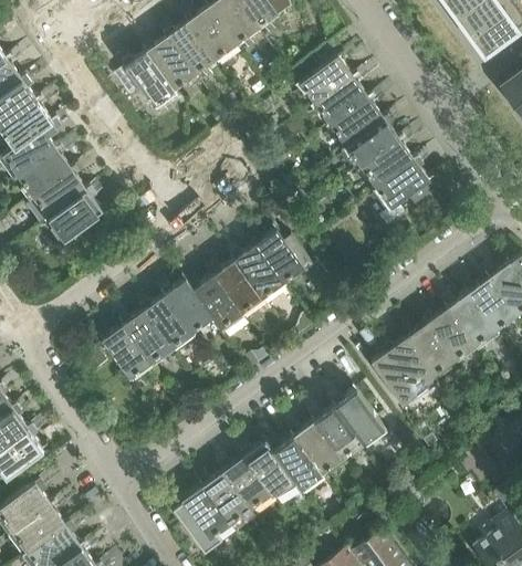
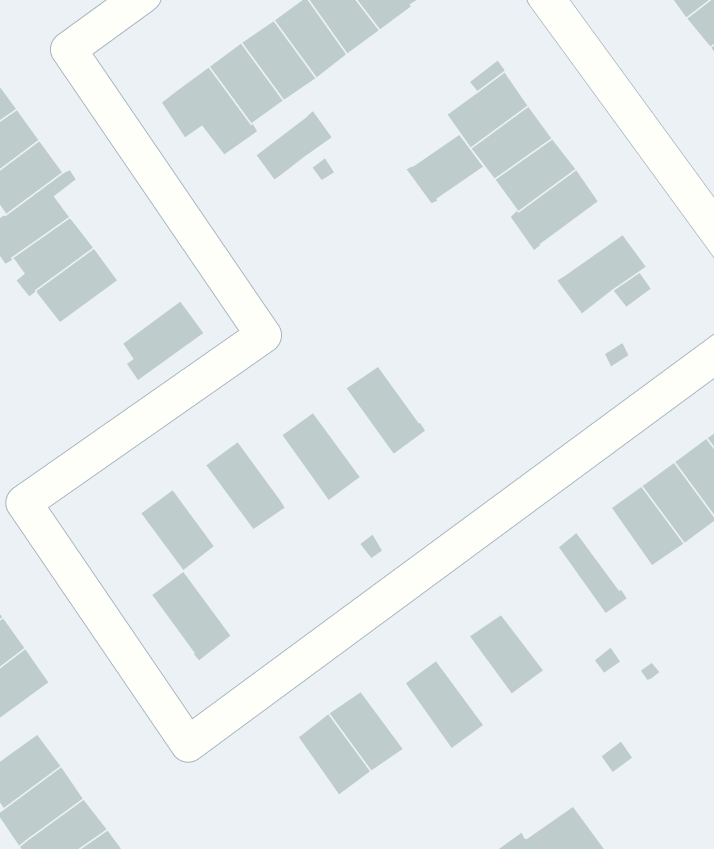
building: none -> [256,110,333,181]
building: none -> [405,134,484,204]
building: [359,140,413,188] -> none
building: [49,191,102,243] -> [122,301,204,381]
building: [254,231,313,283] -> none
building: [212,261,264,318] -> none
building: [164,280,211,333] -> none
building: [122,311,174,369] -> [151,571,231,662]
building: [383,338,431,391] -> none
building: [334,391,386,449] -> none
building: [292,421,341,474] -> none
building: [243,441,291,494] -> none
building: [180,486,233,545] -> none

